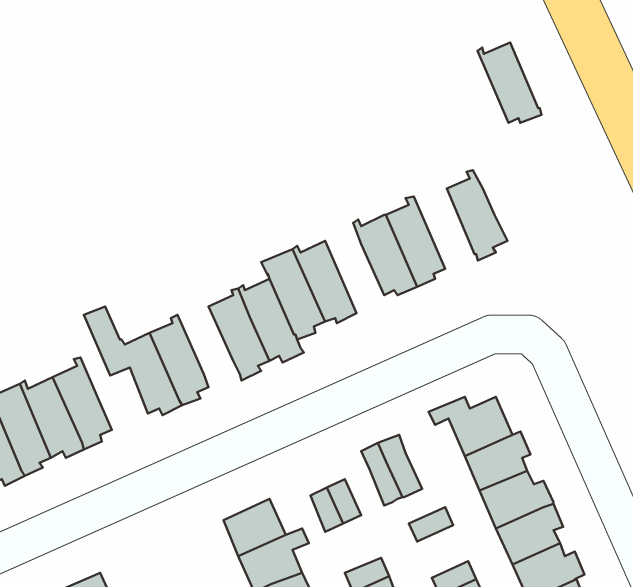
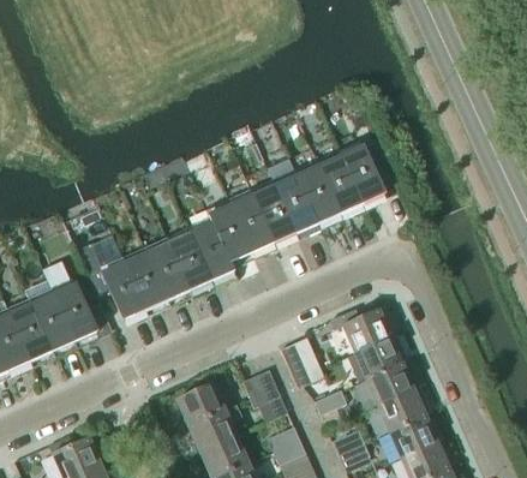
building: [477,42,541,123] -> [317,155,364,214]
building: none -> [252,180,295,246]
building: none -> [144,241,191,301]

